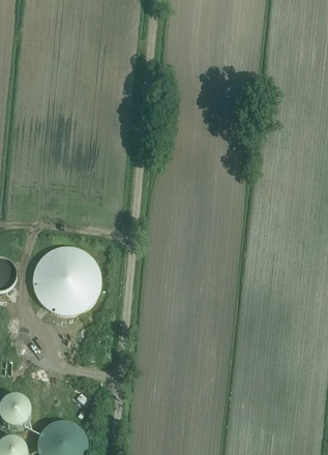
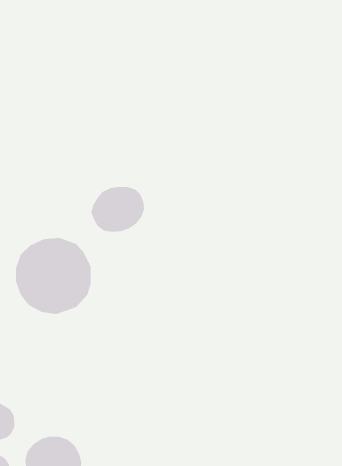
building: none -> [91,186,145,232]

